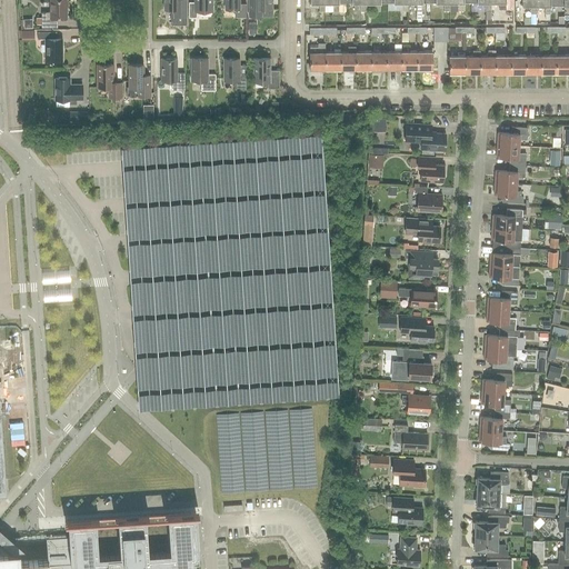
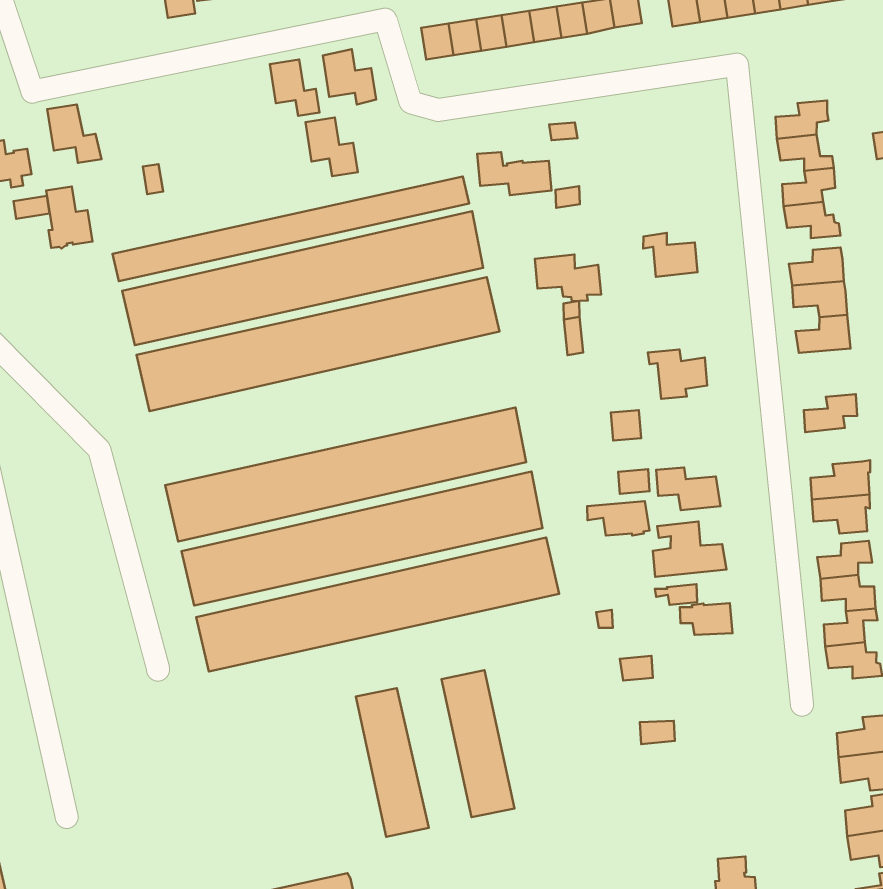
building: [160,59,184,90] -> none
building: [191,59,216,91] -> [305,117,358,176]
building: [127,64,150,98] -> [46,186,93,248]
building: [406,123,446,150] -> [477,152,551,195]
building: [410,156,443,181] -> none
building: [405,217,440,244] -> [535,254,601,301]
building: [127,232,329,277] -> none
building: [489,264,519,286] -> none
building: [402,288,436,308] -> [587,501,650,535]
building: [486,309,516,330] -> none
building: [137,381,337,410] -> none
building: [289,410,318,491] -> none
building: [240,413,269,495] -> none
building: [393,425,428,449] -> none
building: [393,459,426,488] -> none
building: [393,497,422,525] -> none

